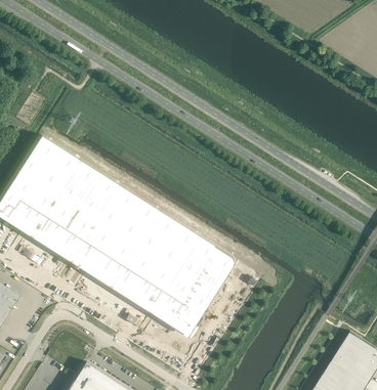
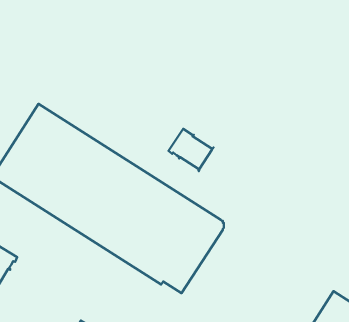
building: none -> [168,129,213,171]

